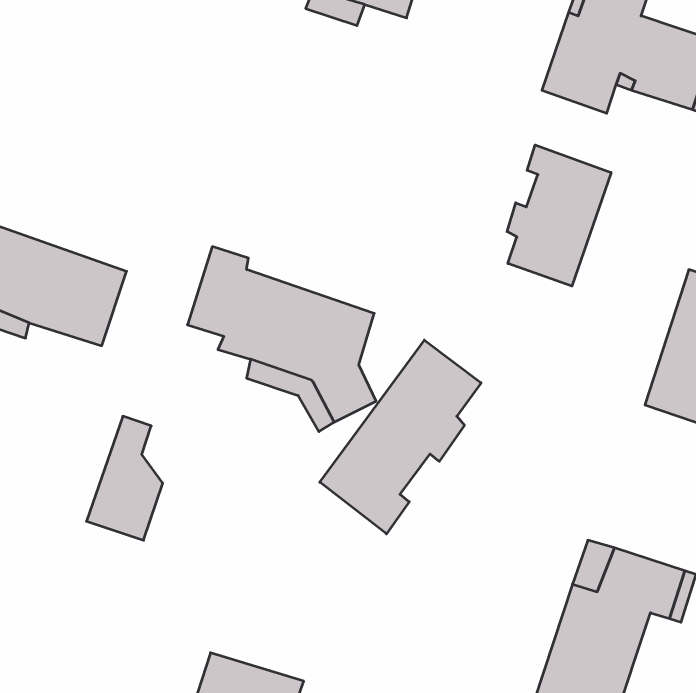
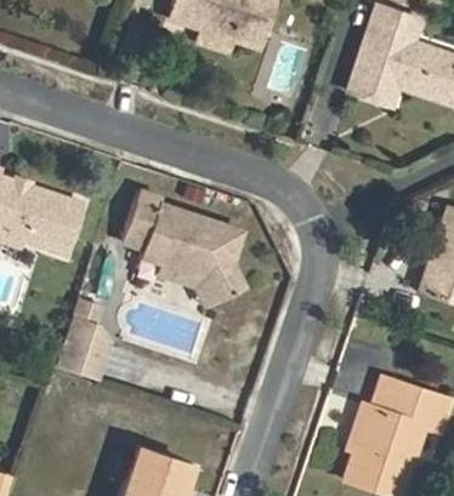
building: [507,145,611,286] -> none
building: [320,340,481,534] -> none

